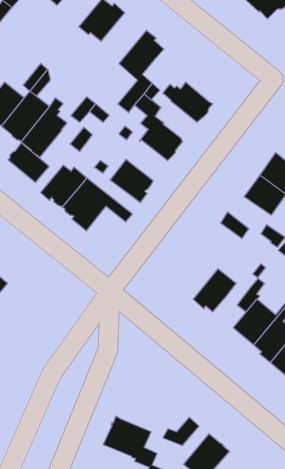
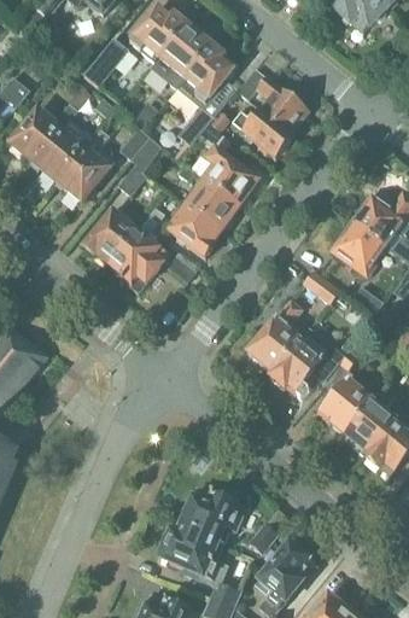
building: none -> [157,22,212,80]
building: none -> [84,37,129,87]
building: none -> [236,68,308,133]
building: none -> [187,180,239,231]
building: [8,143,49,182] -> none
building: none -> [247,299,300,377]
building: none -> [181,489,245,541]

